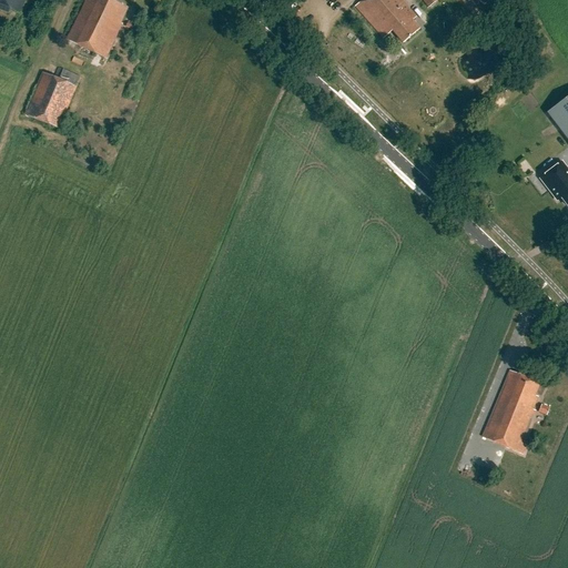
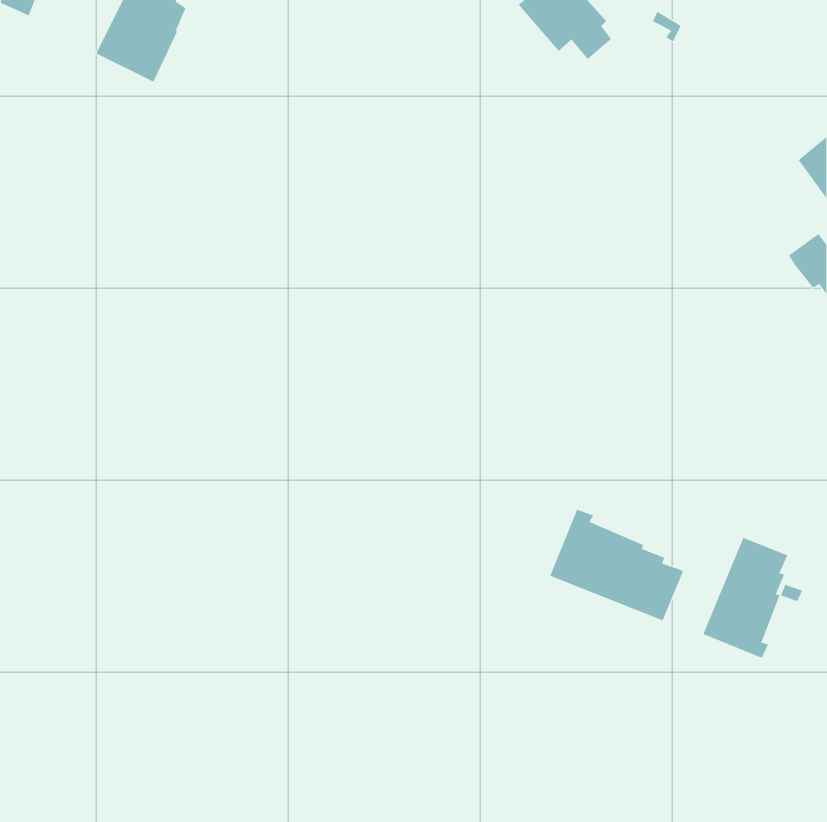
building: [24,67,80,126] -> none
building: none -> [549,509,684,621]

